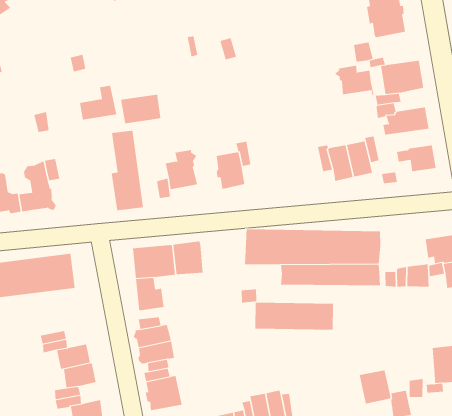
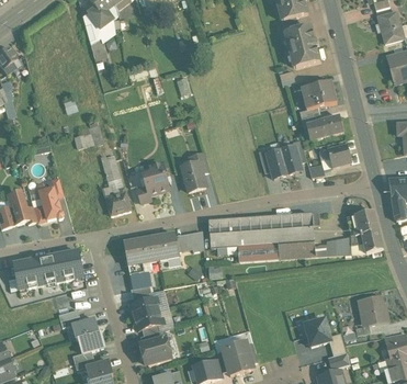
building: [334,65,374,96] -> none
building: [121,94,162,124] -> none
building: none -> [176,230,203,250]
building: [255,302,334,330] -> none

